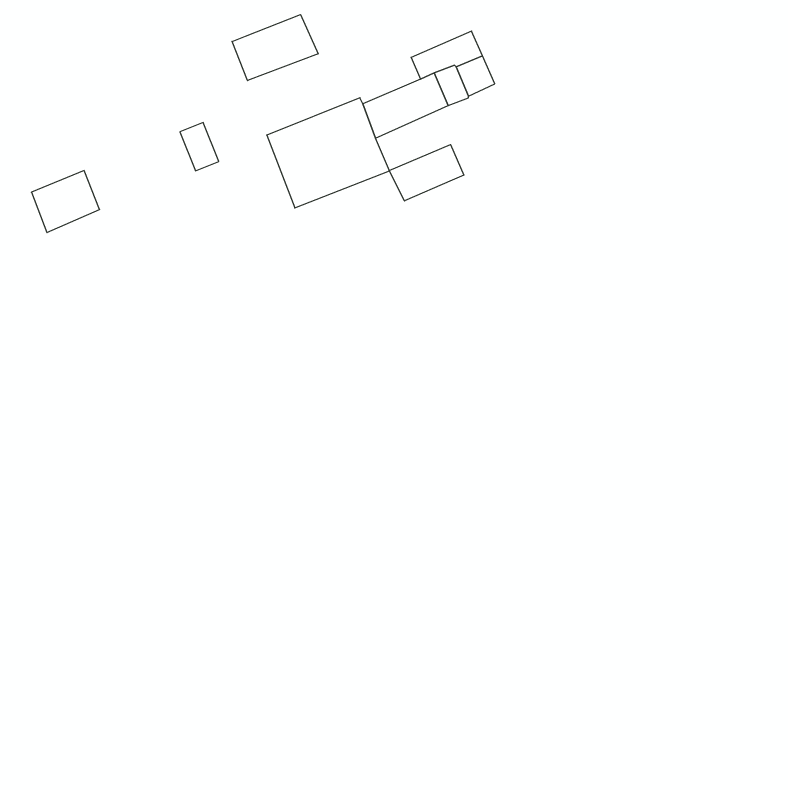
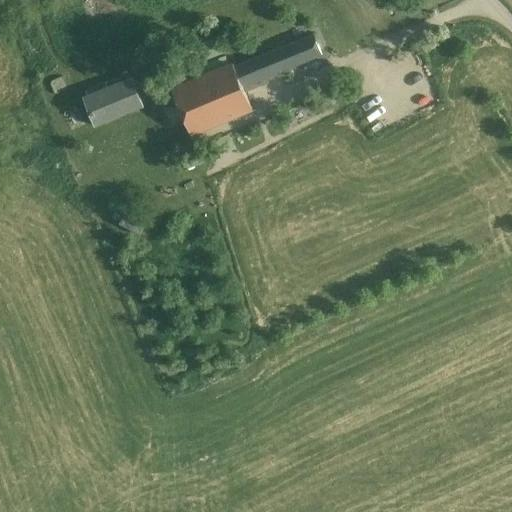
building: [232,15,318,81] -> none
building: [389,145,464,201] -> none
building: [31,171,100,233] -> [82,87,126,127]

